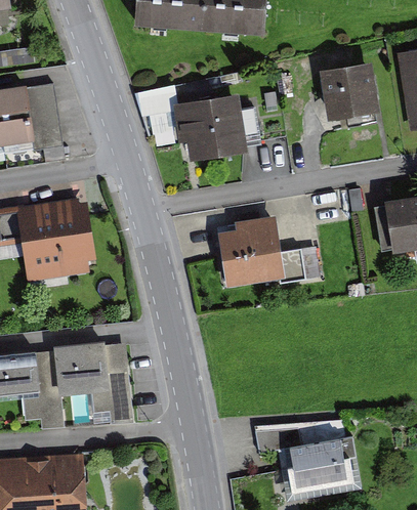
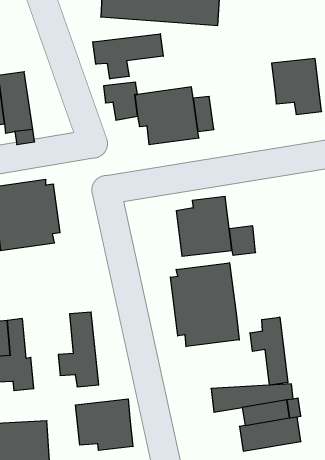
building: none -> [93,34,163,79]
building: none -> [170,263,239,347]
building: [51,344,107,392] -> none
building: none -> [250,317,288,385]
building: none -> [76,399,133,450]

